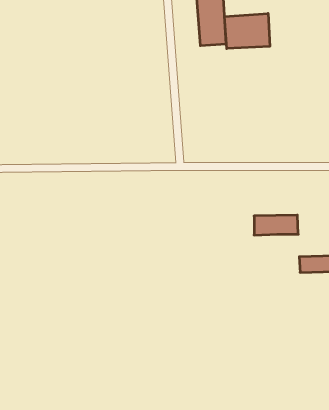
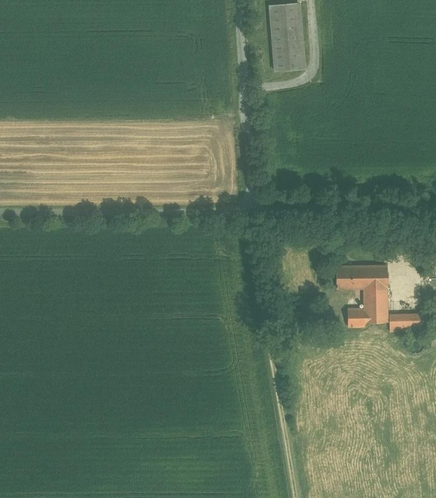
building: [225,13,270,49] -> none
building: none -> [347,287,387,325]

